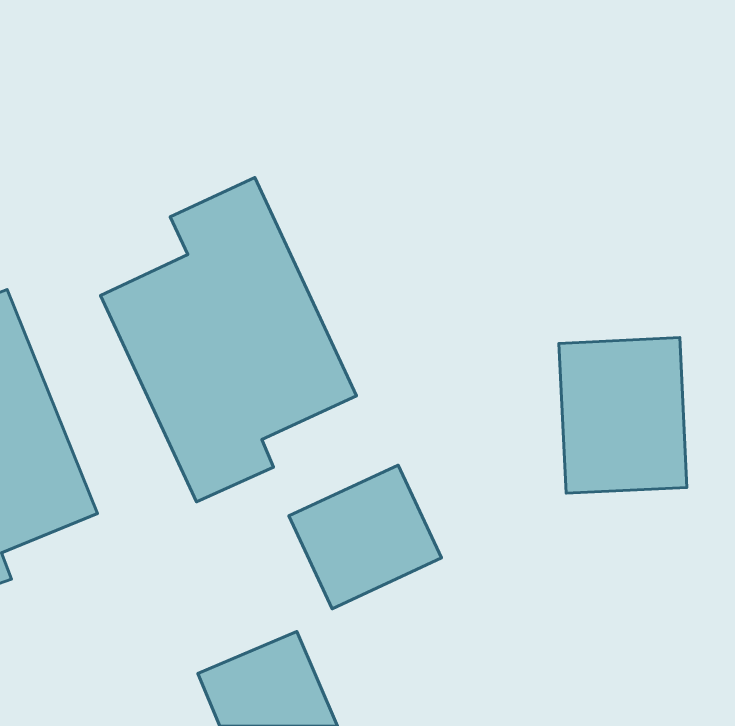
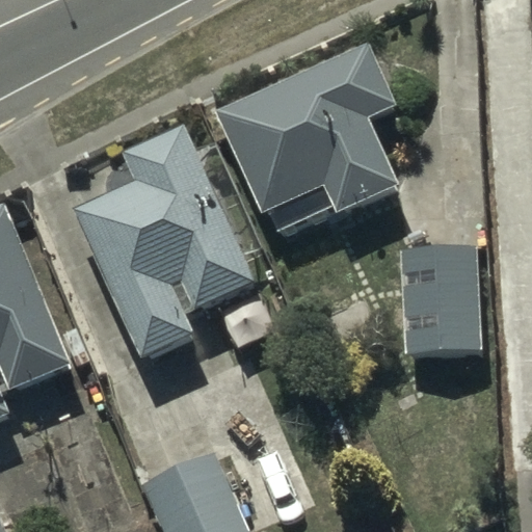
building: none -> [216,46,398,212]
building: [289,465,441,609] -> none

